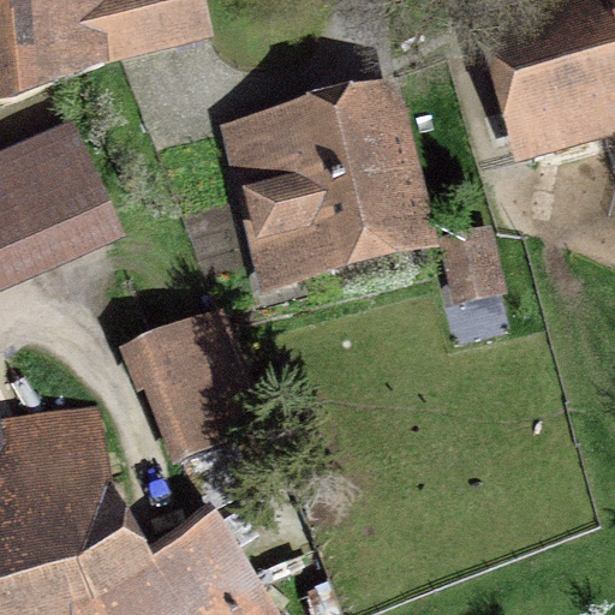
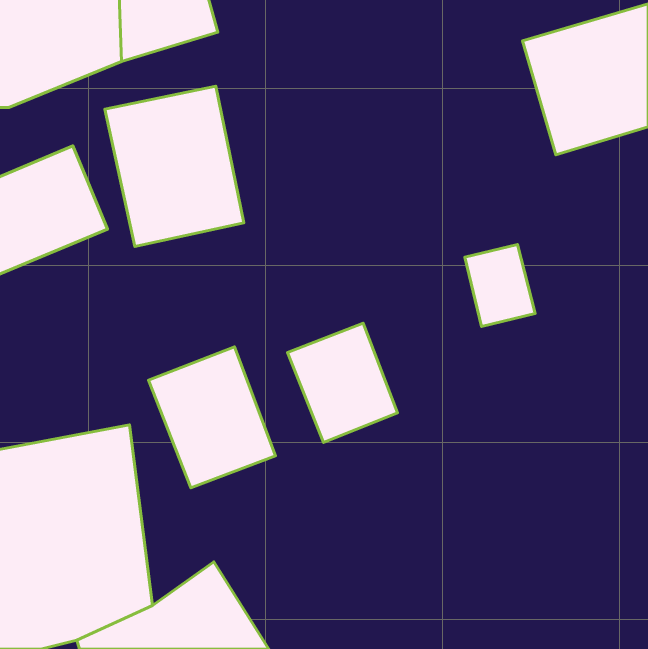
building: none -> [105,86,244,246]
building: [232,111,404,268] -> none
building: none -> [288,323,398,442]

